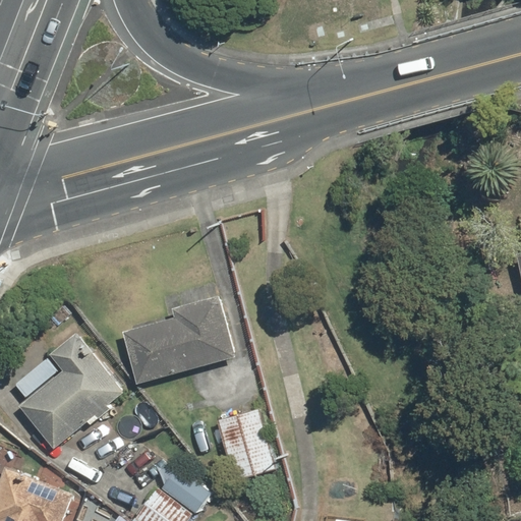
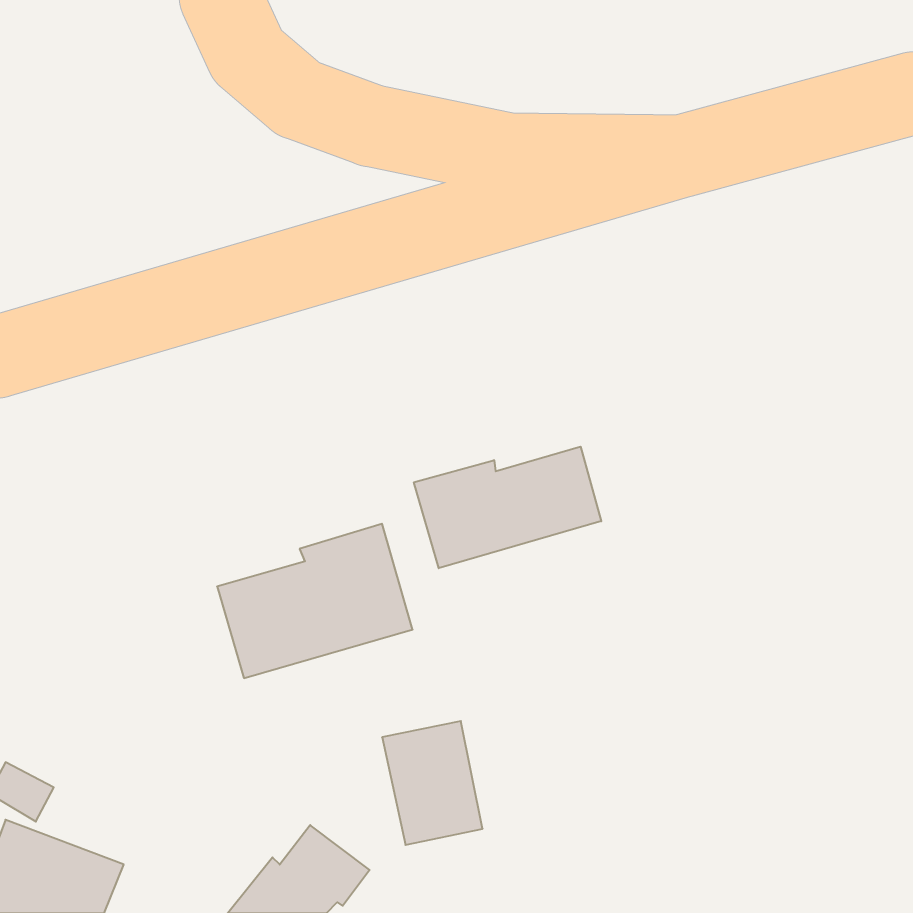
building: none -> [414,447,601,568]
building: [12,333,123,450] -> none

